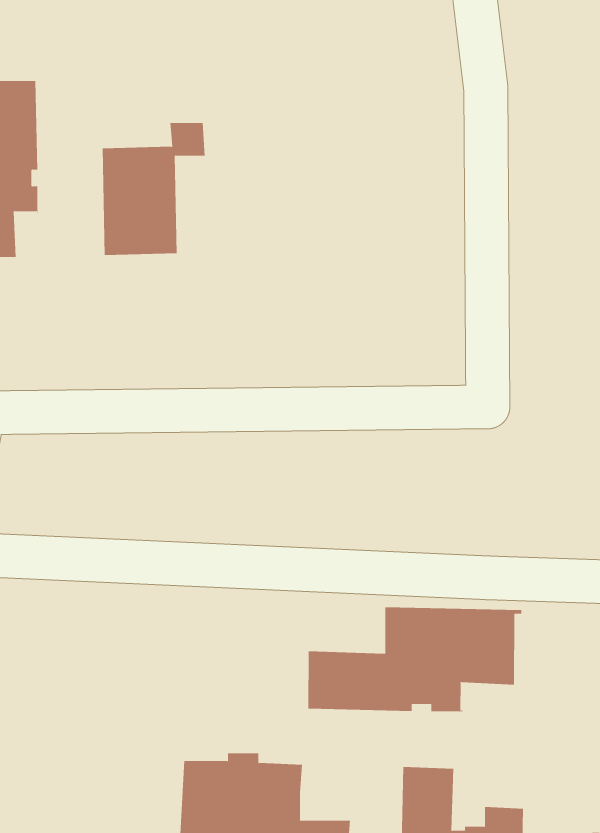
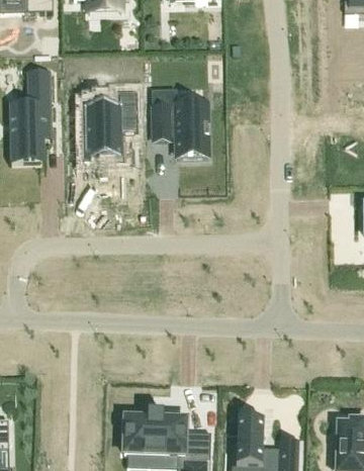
building: none -> [152,88,207,156]
building: [308,607,522,712] -> none

